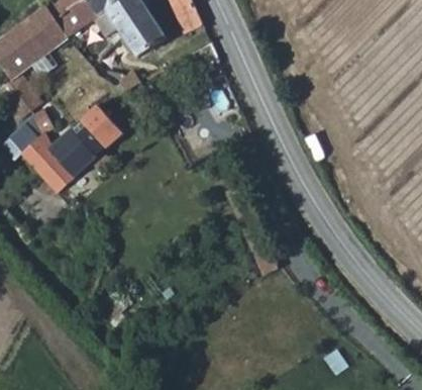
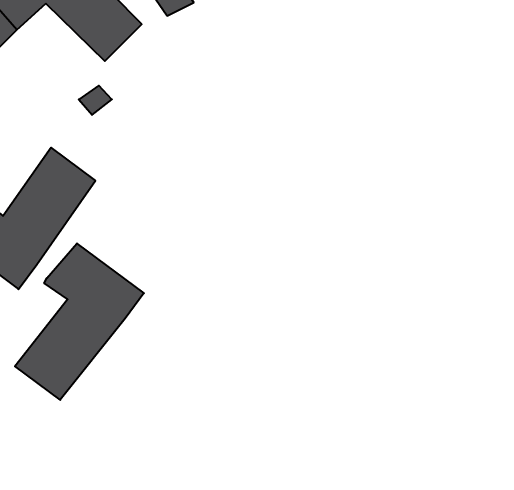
building: none -> [15,243,144,400]

